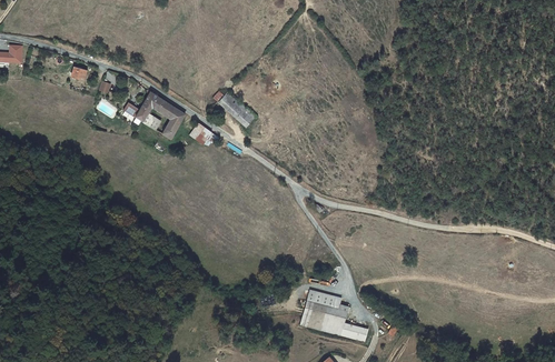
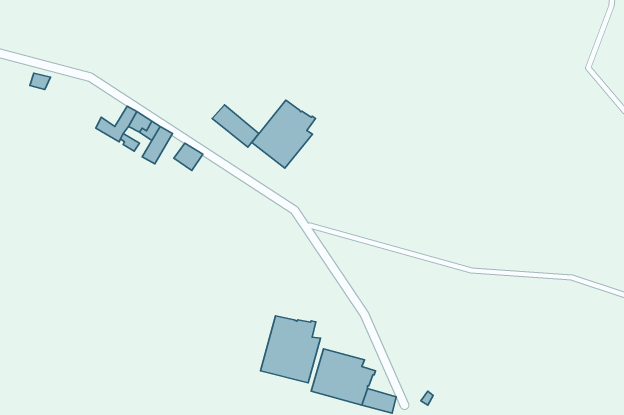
building: none -> [252,100,316,168]
building: none -> [261,316,320,383]

